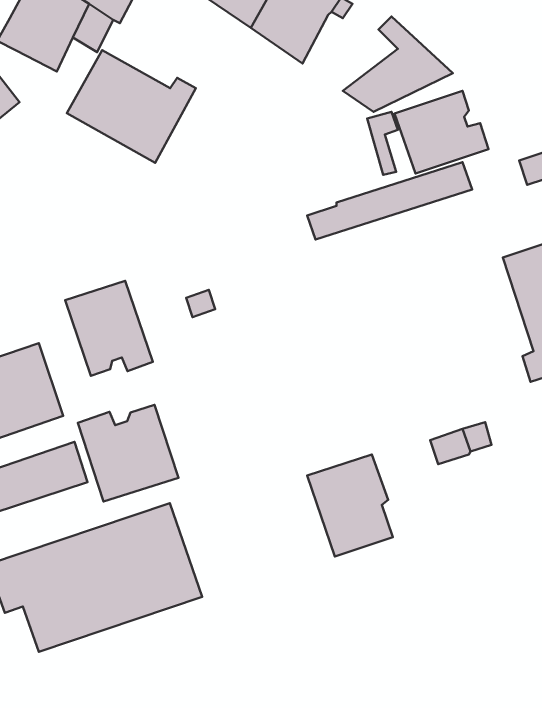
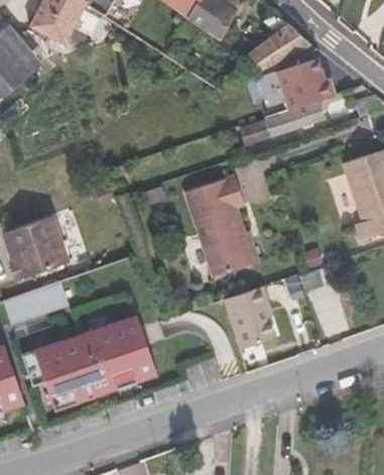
building: [67,50,196,163] -> none
building: none -> [185,173,255,275]
building: [65,281,153,376] -> none
building: [78,405,178,501] -> none

